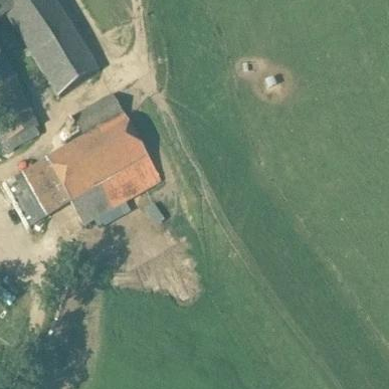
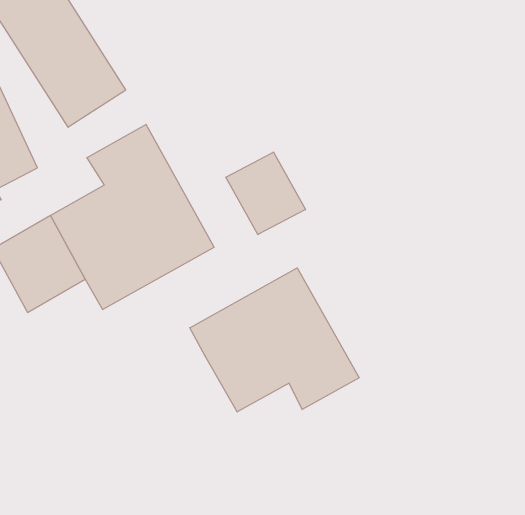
building: none -> [226,152,306,235]
building: none -> [190,268,359,412]

